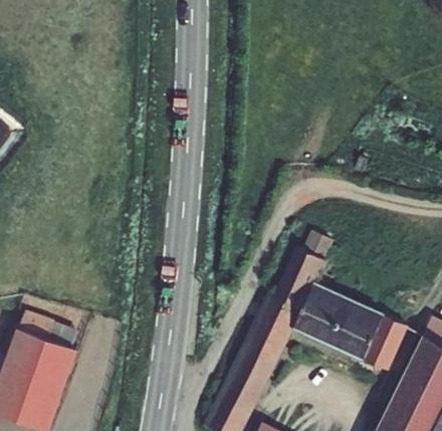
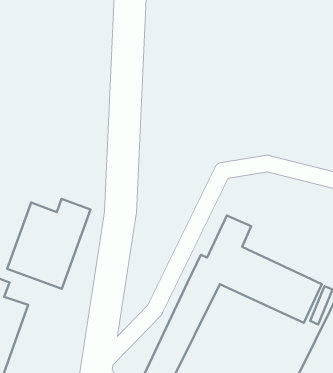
building: none -> [7,199,91,289]

